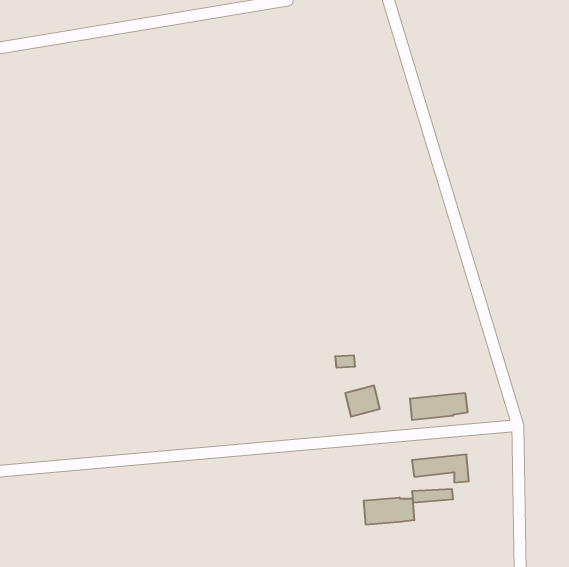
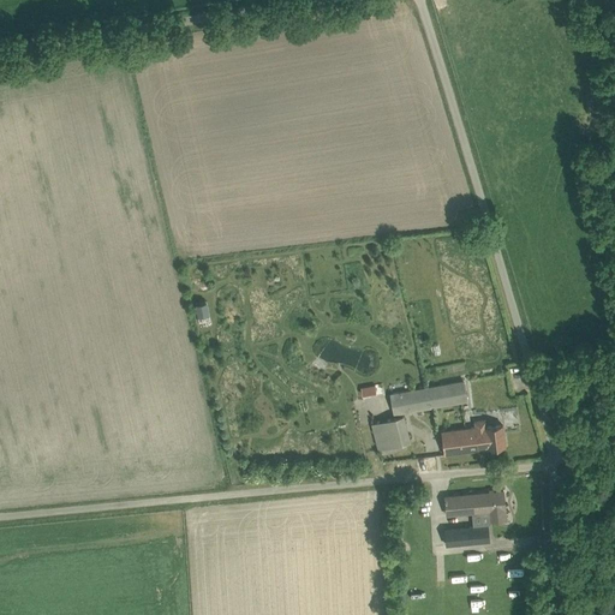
building: none -> [392,383,467,414]
building: [364,497,414,525] -> none

